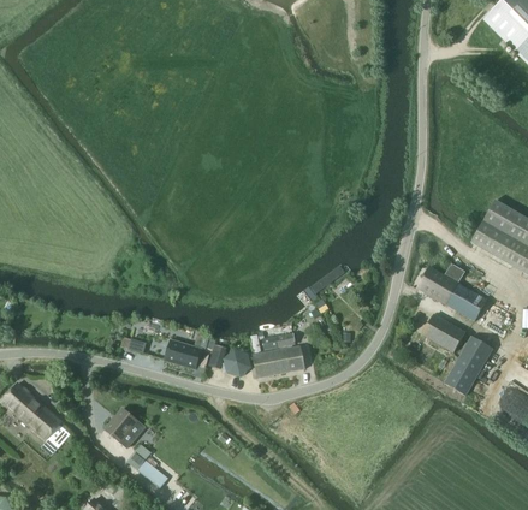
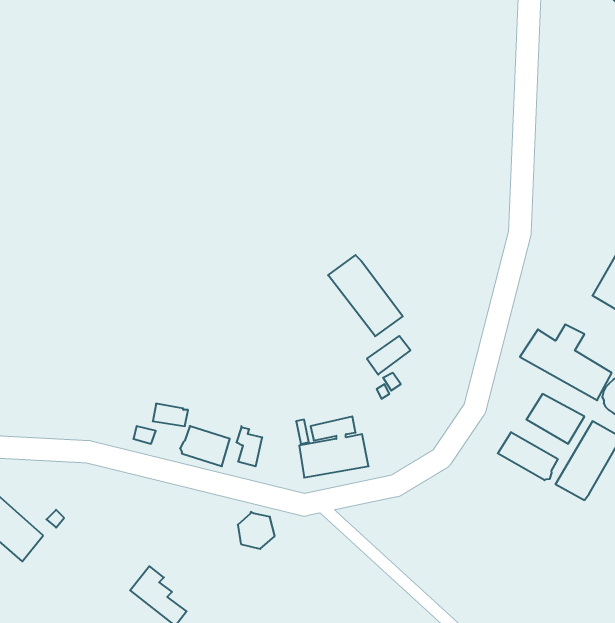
building: none -> [328,255,403,336]
building: none -> [498,432,558,480]
building: [224,349,251,376] -> [238,512,275,549]
building: [106,408,146,449] -> none

